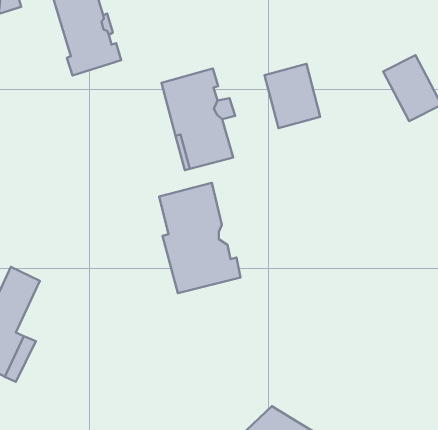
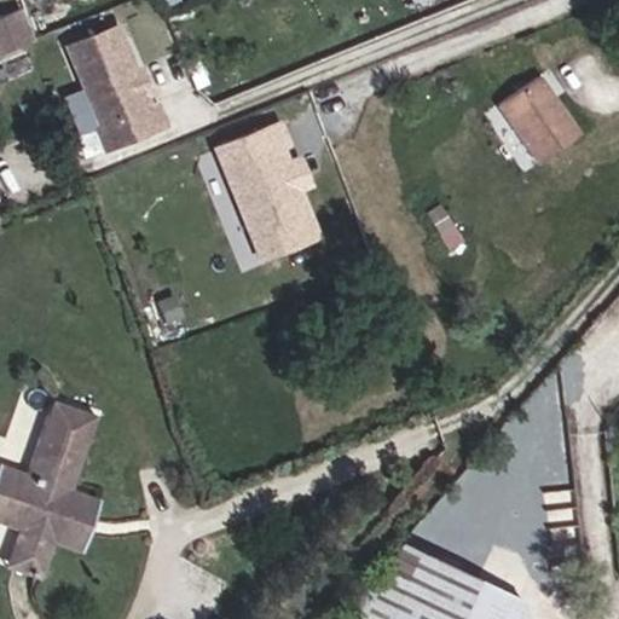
building: [265,64,320,128] -> none
building: [159,183,241,293] -> none

